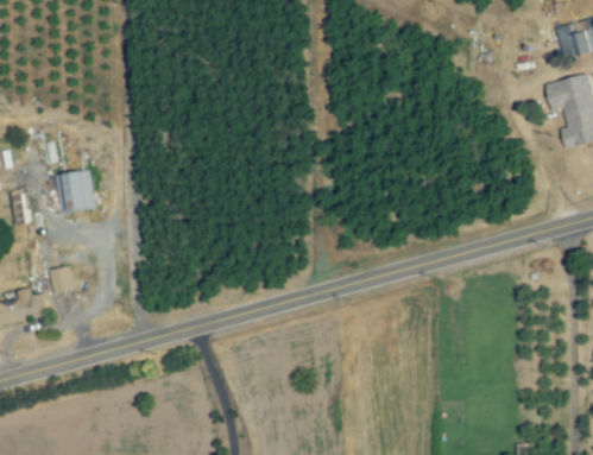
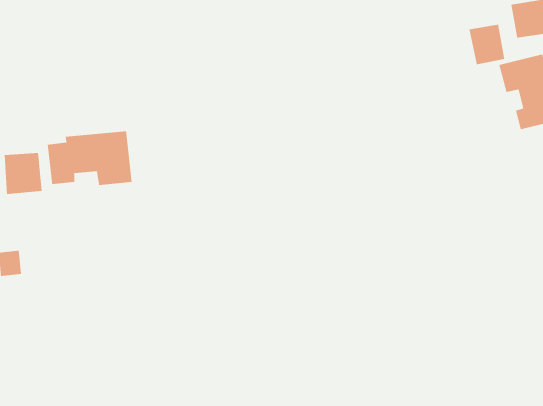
building: none -> [469,24,505,65]
building: none -> [47,131,132,186]

